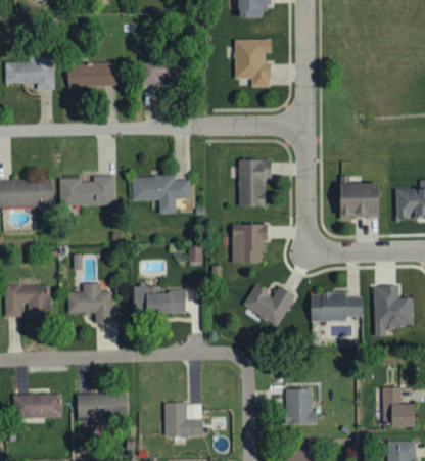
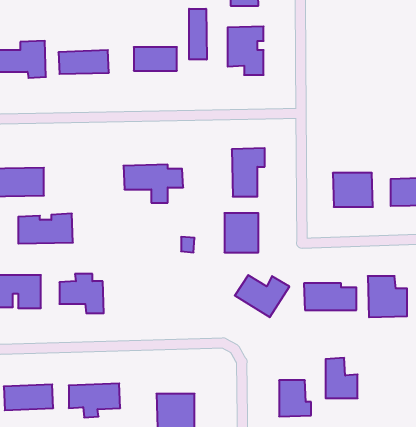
building: none -> [189,9,207,60]
building: [60,176,114,205] -> [18,214,73,244]
building: [133,286,185,313] -> none
building: [383,387,415,427] -> [326,358,358,398]

